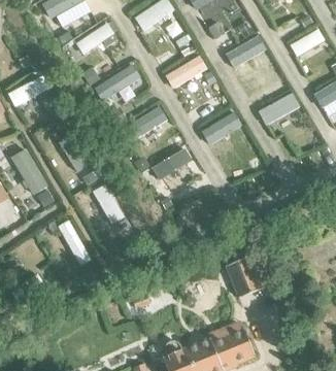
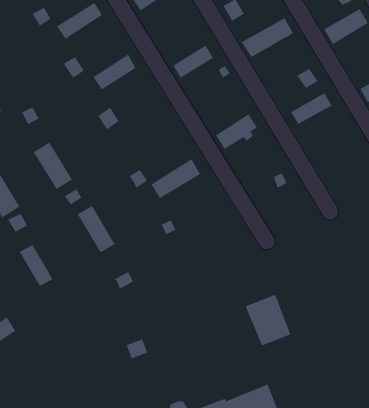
building: [127,106,167,140] -> none

